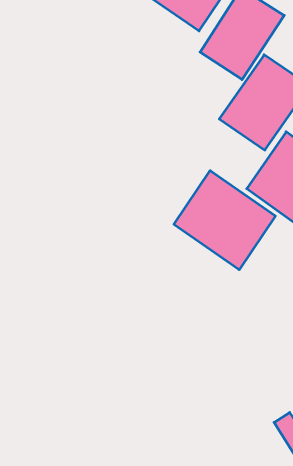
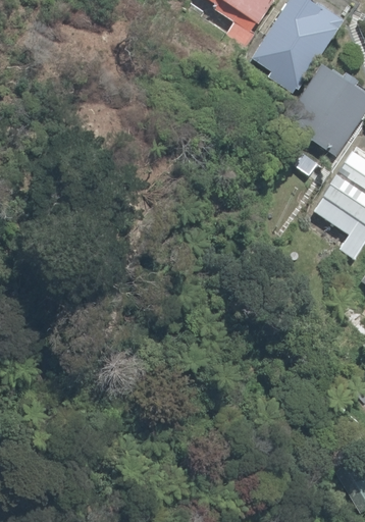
building: [174,171,275,270] -> none

